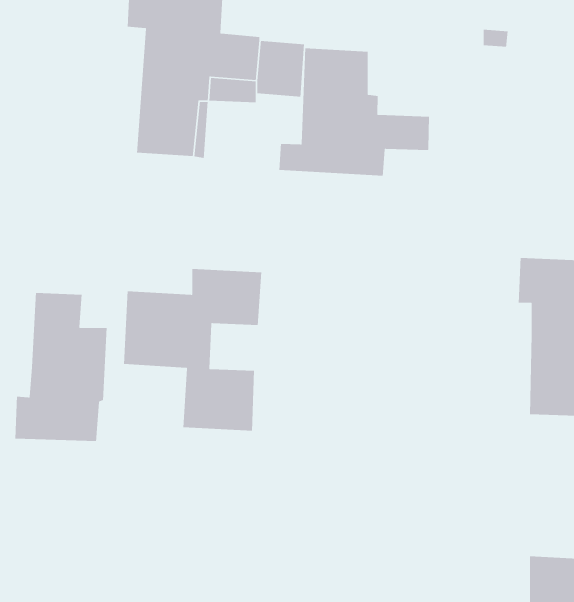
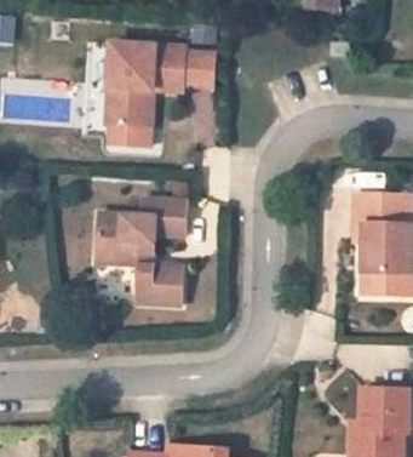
building: [278,48,430,177] -> none
building: [14,292,108,442] -> none

